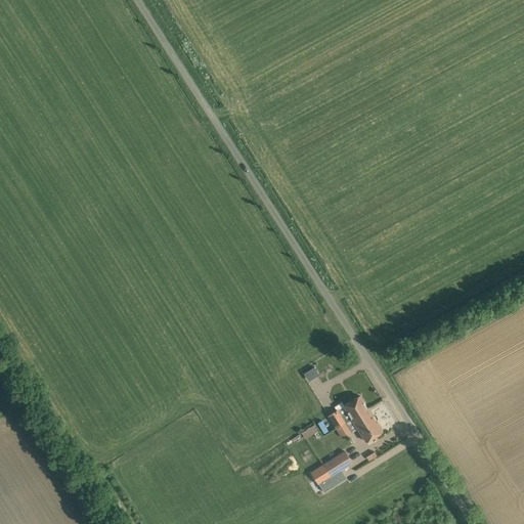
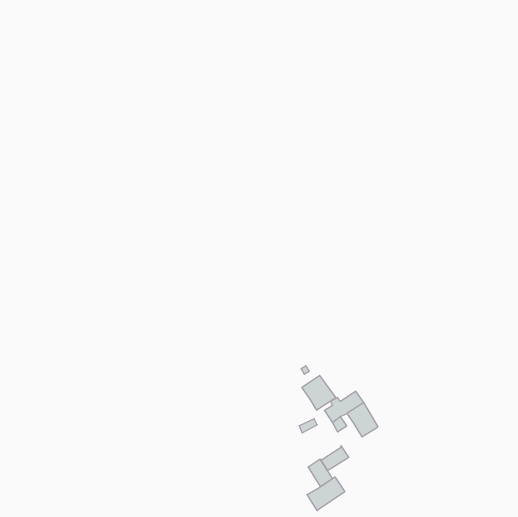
building: none -> [302,375,336,410]
building: none -> [307,477,345,511]

